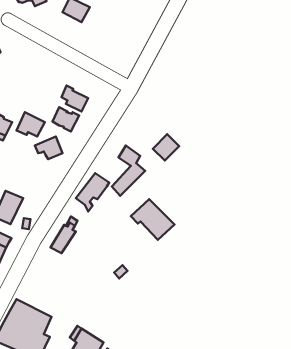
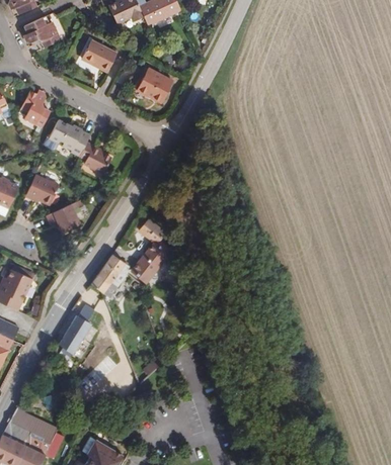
building: none -> [135,67,170,98]
building: none -> [18,93,47,129]
building: [52,107,79,131] -> [48,121,80,151]
building: [153,134,179,160] -> none
building: [131,199,175,240] -> none

